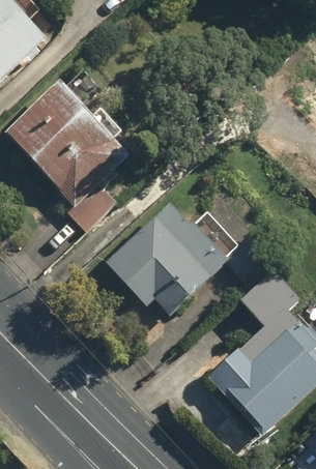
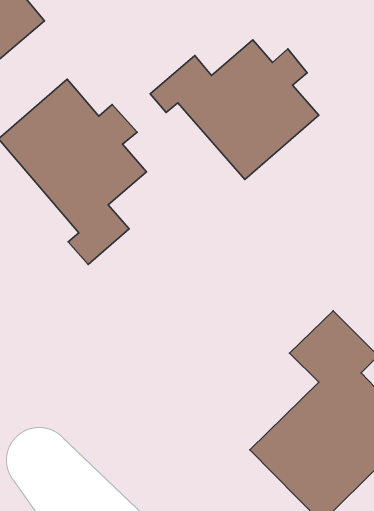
building: none -> [150,40,319,179]
building: [107,200,277,319] -> none

